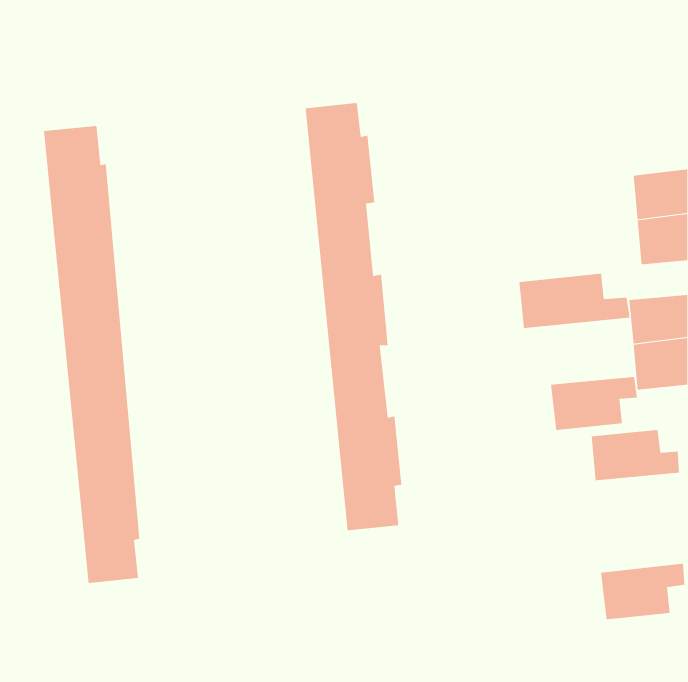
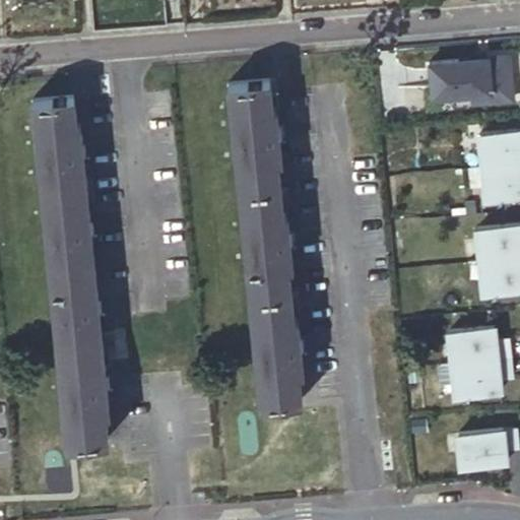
building: none -> [428,62,512,108]
building: [519,273,630,329] -> none
building: [550,376,638,430] -> [448,362,514,402]

